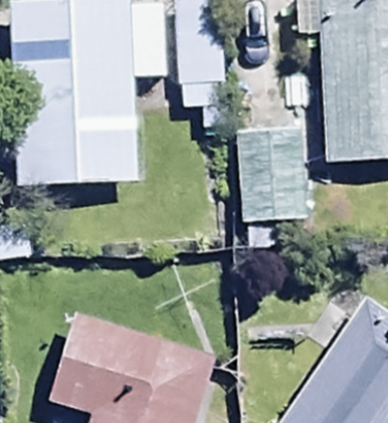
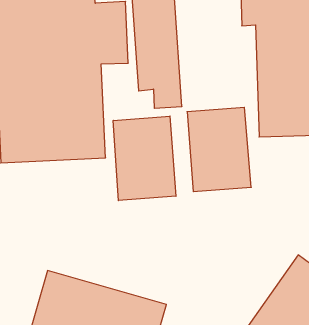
building: none -> [113,116,176,201]

